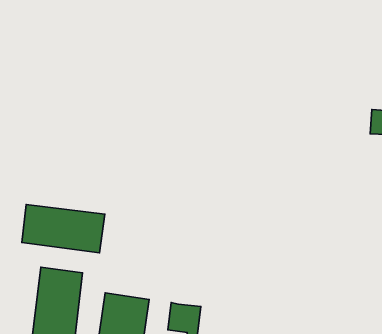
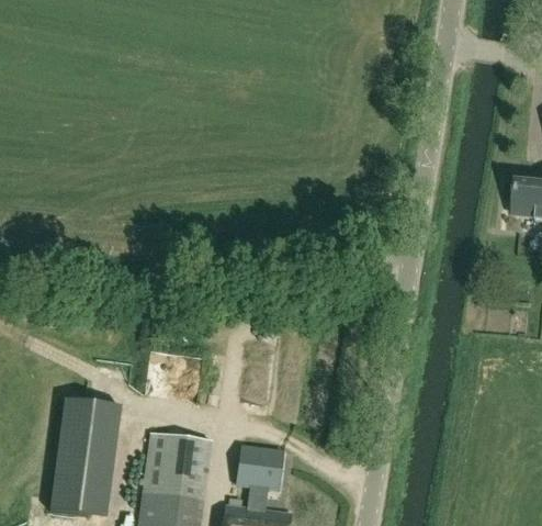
building: [22,204,105,253] -> none

